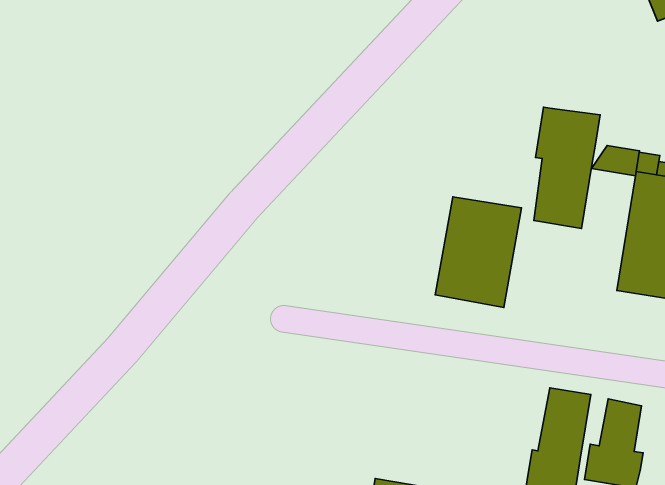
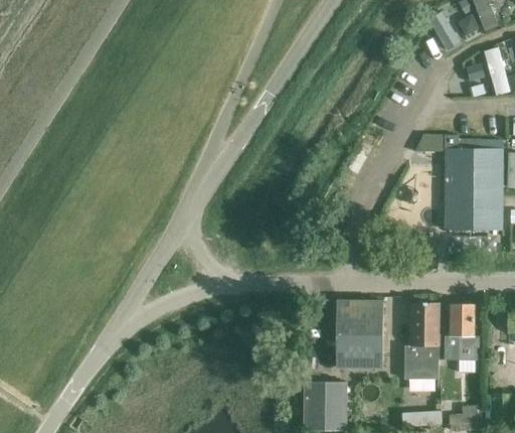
building: [534,107,600,228] -> none
building: [435,197,522,308] -> [335,300,383,369]

